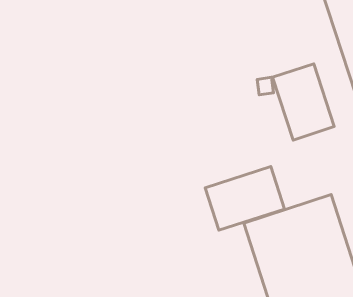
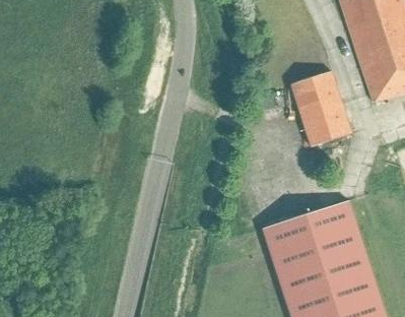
building: [205,167,285,230] -> none

